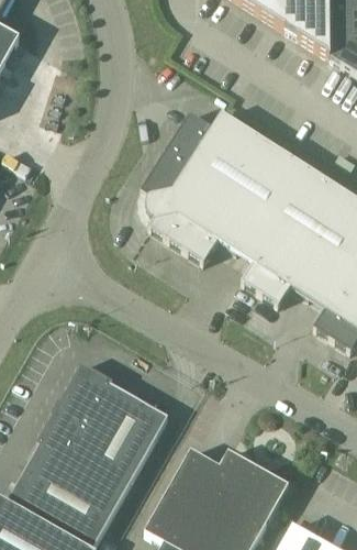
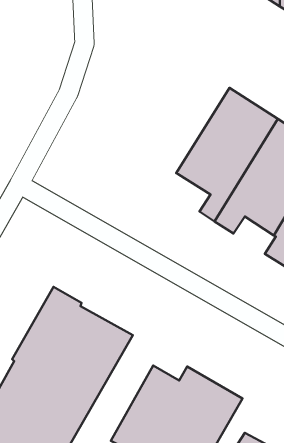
building: [138,111,272,262] -> none

